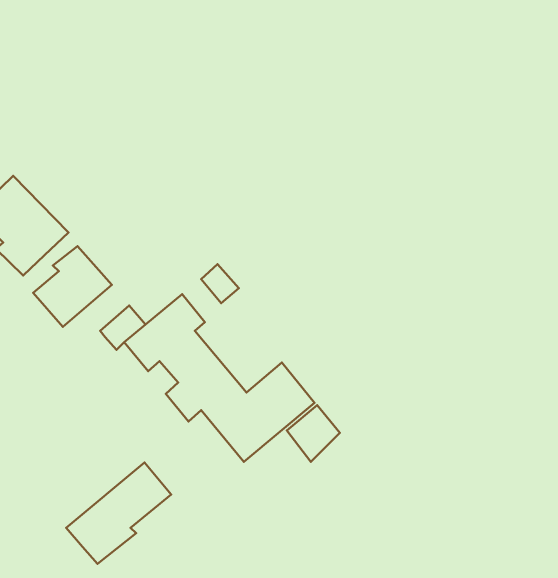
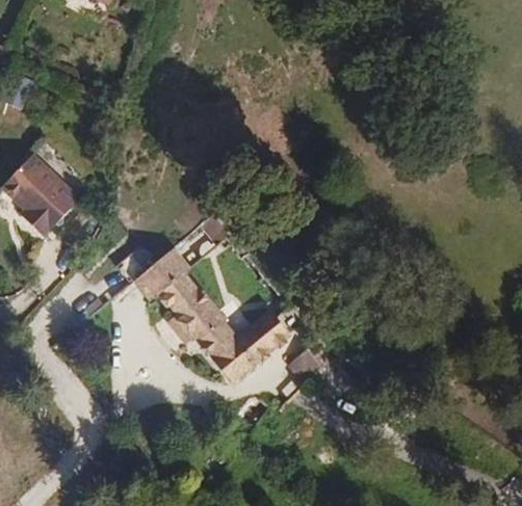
building: [33,246,112,327] -> none
building: [66,463,171,564] -> none

